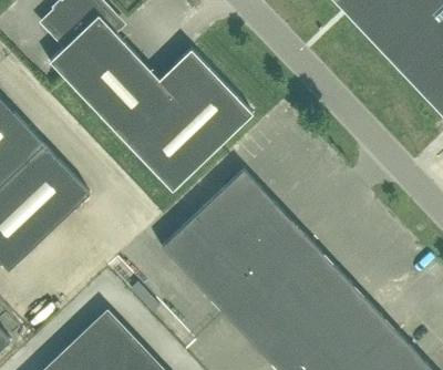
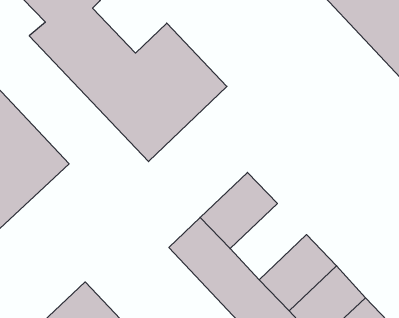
building: [162,169,274,279] -> none
building: [256,234,334,312] -> none

